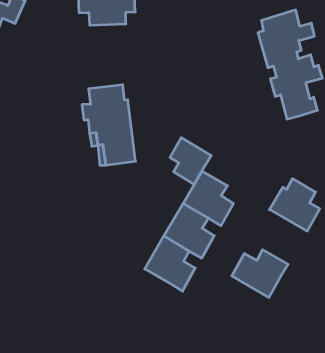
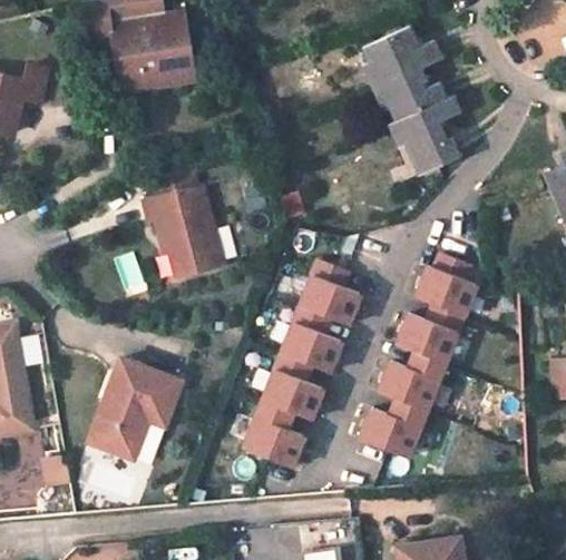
building: [170,138,211,185] -> none
building: none -> [393,305,467,367]
building: none -> [91,358,180,456]
building: none -> [240,402,306,471]
building: none -> [357,401,429,462]

